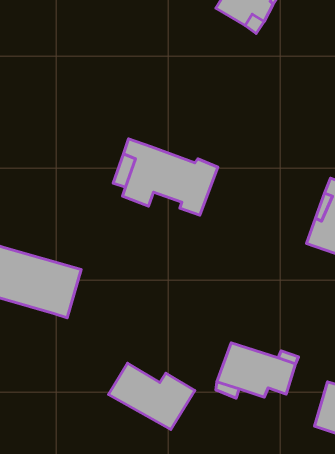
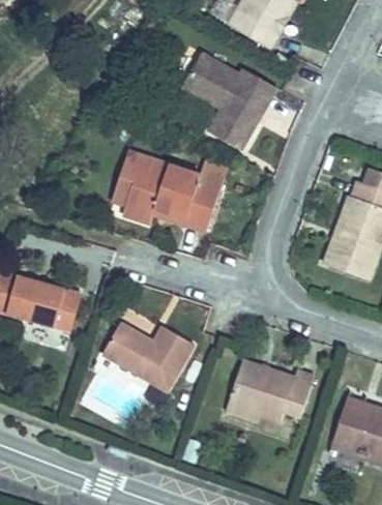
building: none -> [184,56,271,145]
building: [108,363,195,430] -> [107,321,196,389]

